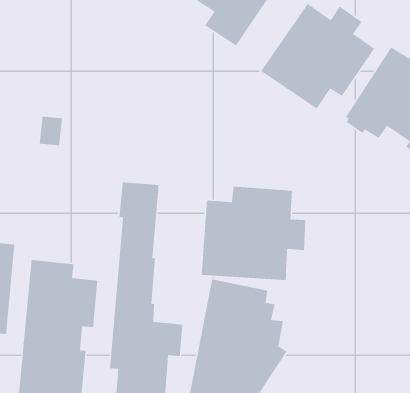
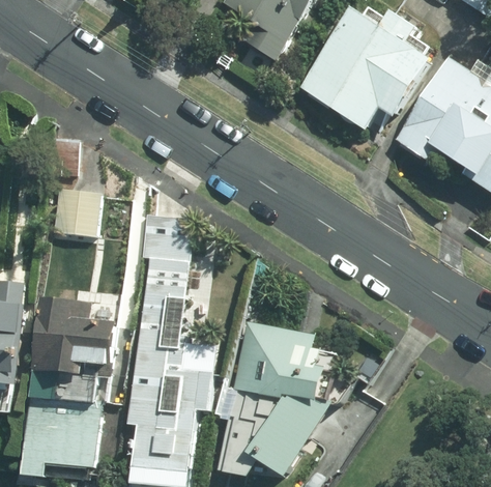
building: none -> [50,188,97,234]
building: [201,186,306,281] -> none

